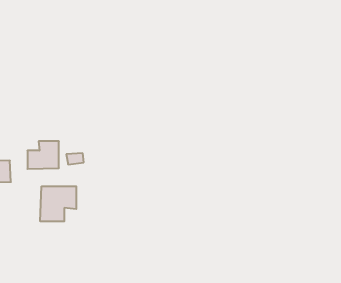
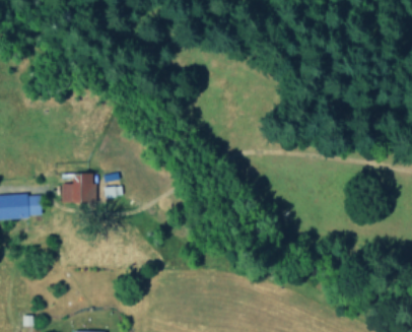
building: [40,186,76,221] -> none

